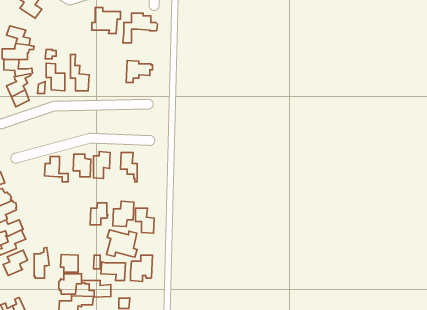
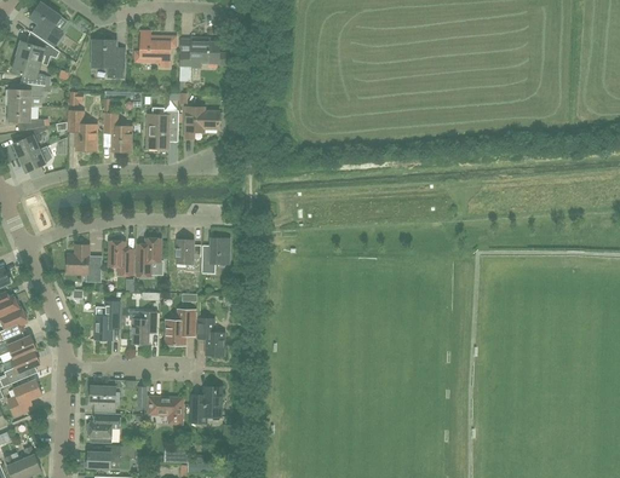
building: none -> [17,35,53,64]
building: none -> [92,40,124,77]
building: none -> [147,110,178,148]
building: none -> [201,237,229,272]
building: none -> [94,300,120,339]
building: [106,230,137,257] -> none
building: [34,247,49,278] -> none
building: [82,280,111,297] -> none

